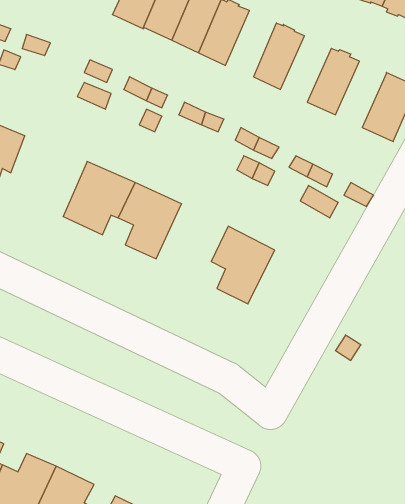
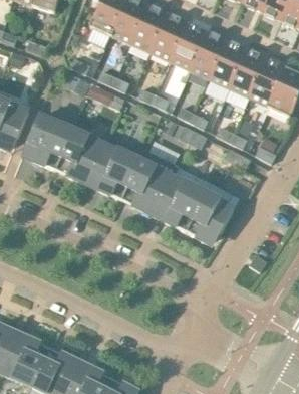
building: none -> [170,22,206,69]
building: none -> [209,40,245,87]
building: none -> [248,58,284,106]
building: none -> [26,116,71,169]
building: none -> [120,149,178,212]
building: none -> [186,193,233,242]

